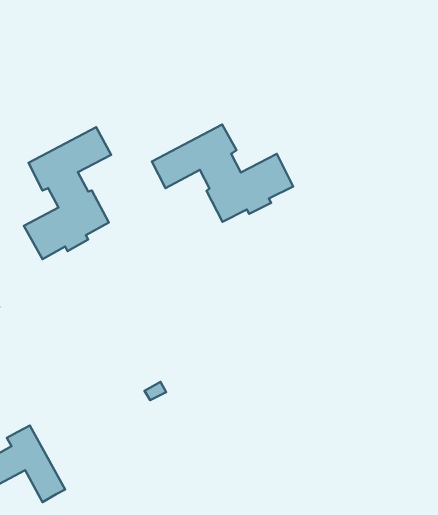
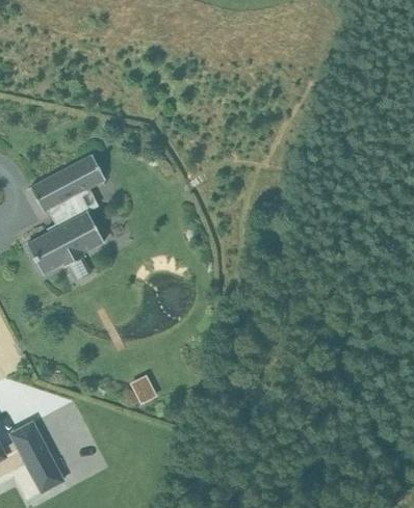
building: [152,125,293,222] -> none

